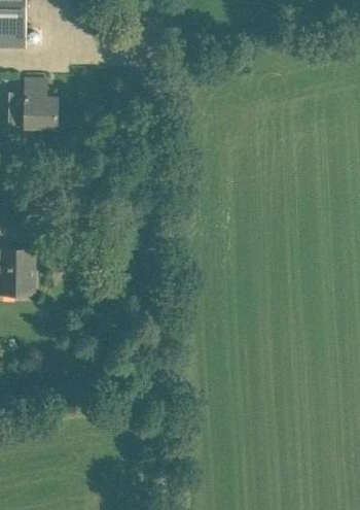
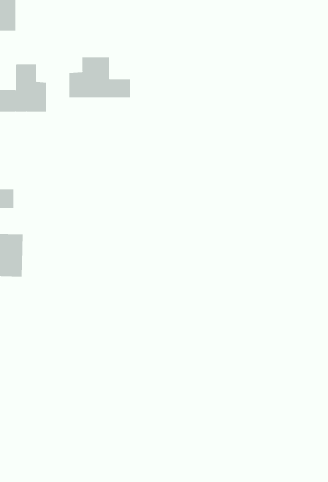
building: none -> [69,56,131,98]

